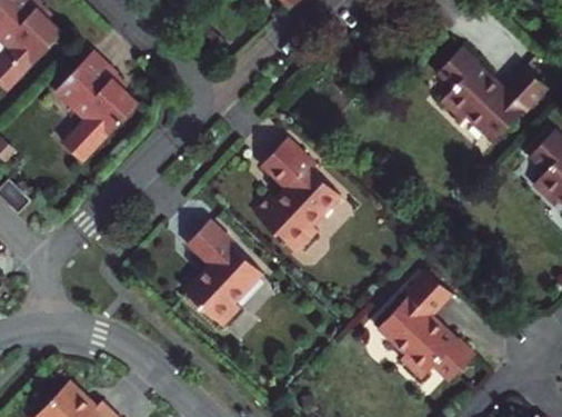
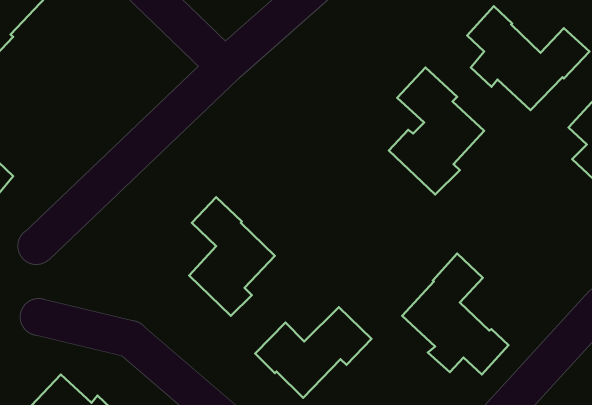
building: [56,51,137,161] -> none
building: [254,138,341,254] -> [389,67,484,195]
building: none -> [255,307,371,398]

